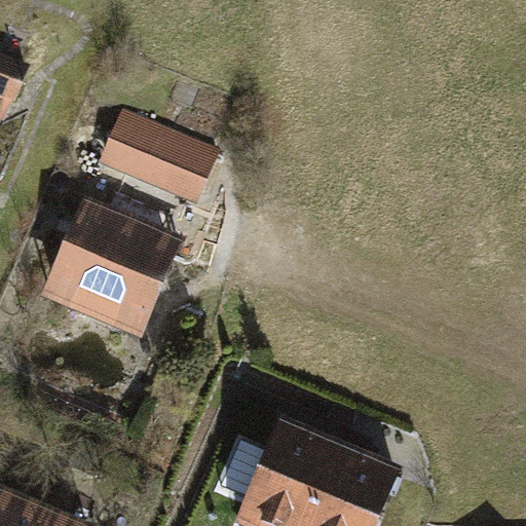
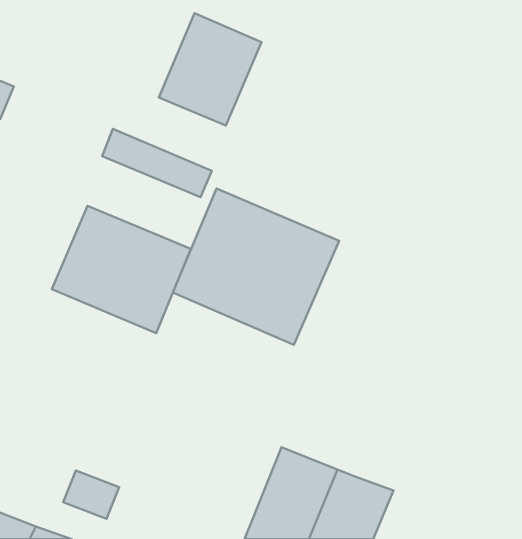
building: none -> [159,13,262,126]
building: none -> [173,189,339,345]

